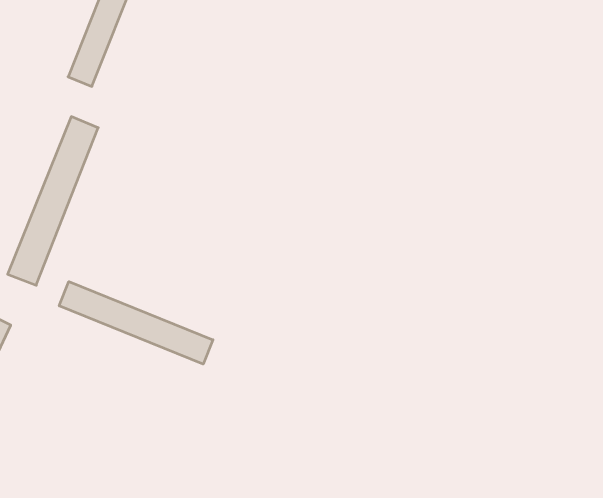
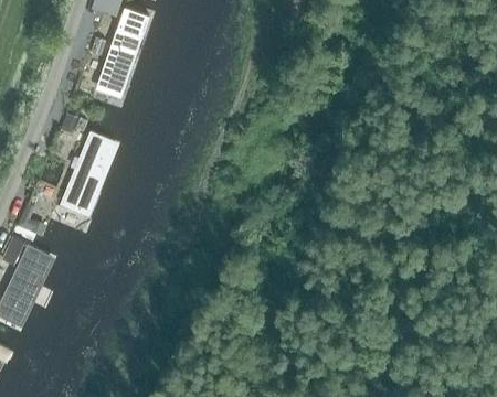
building: [59,282,213,364] -> none

